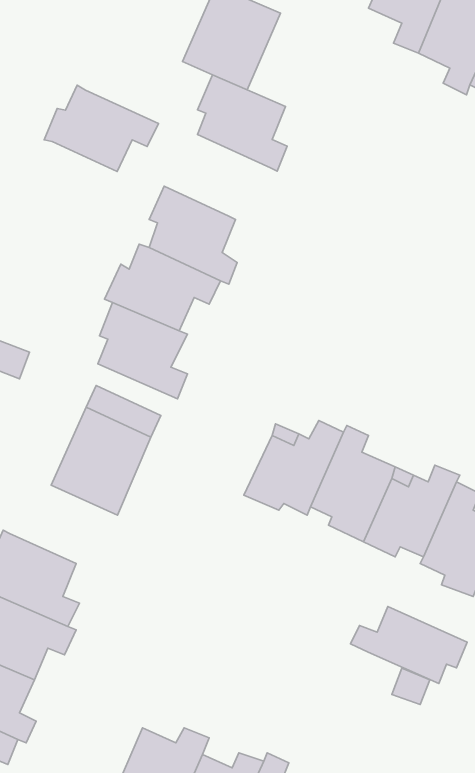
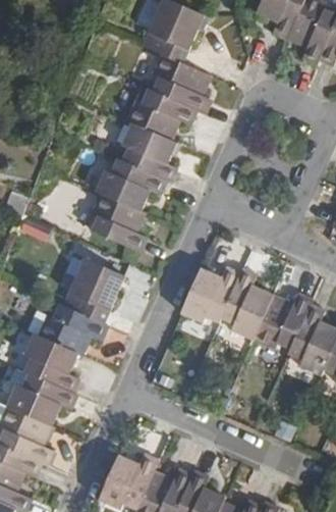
building: [44,85,159,172] -> [126,87,197,140]
building: none -> [37,303,108,355]
building: [351,607,467,684] -> none

